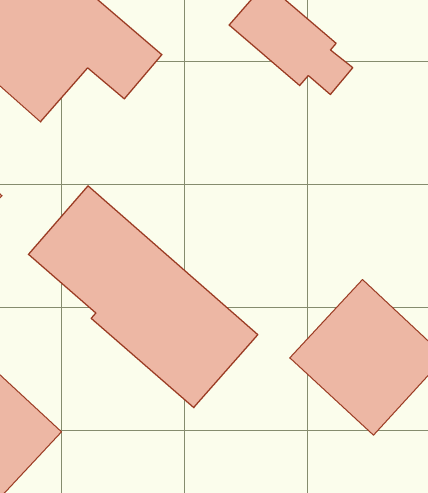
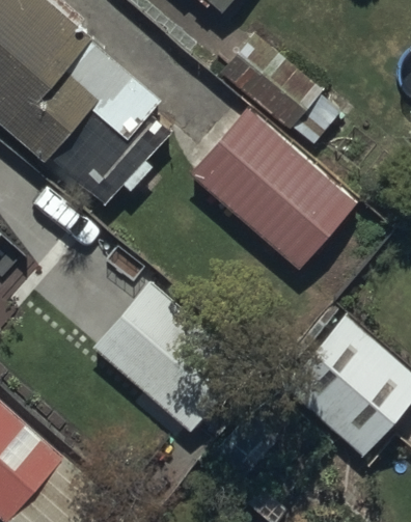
building: none -> [192,110,356,268]

